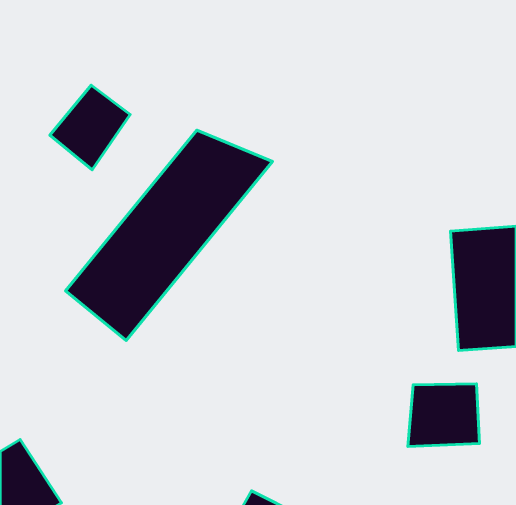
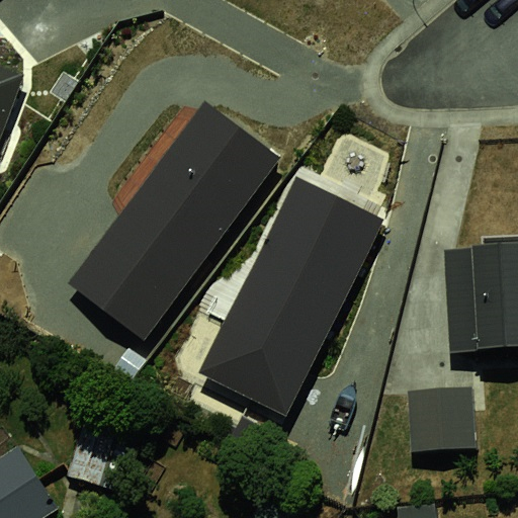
building: [50,85,130,170] -> none
building: none -> [198,167,376,394]

